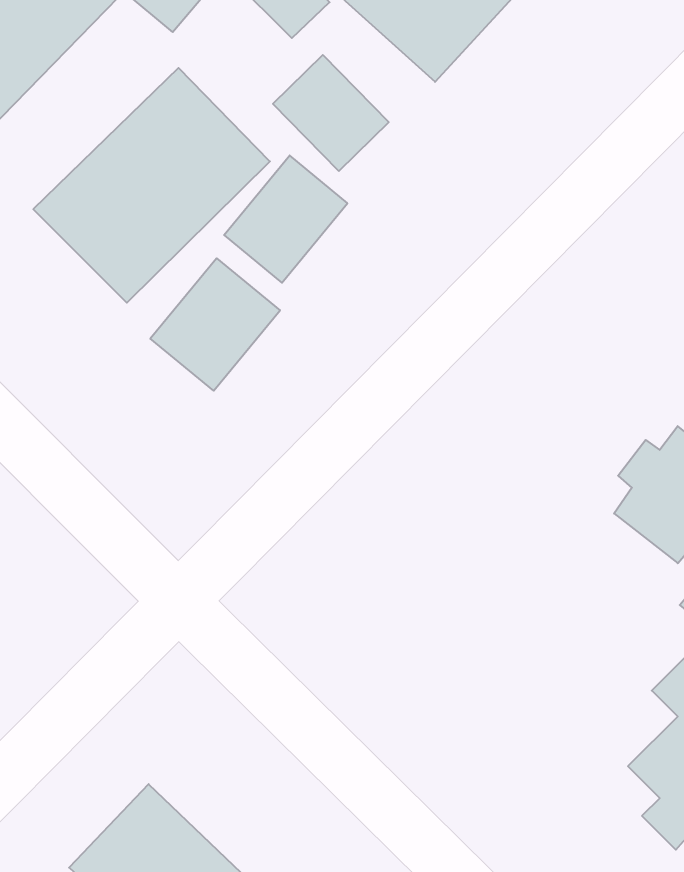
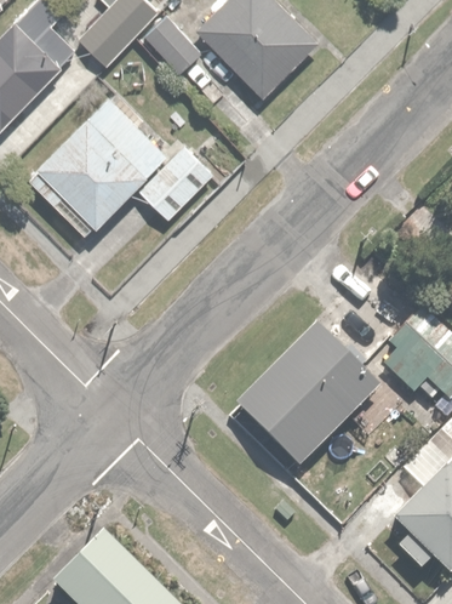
building: [273,55,389,171] -> none
building: [150,258,280,391] -> none
building: none -> [239,323,382,465]

